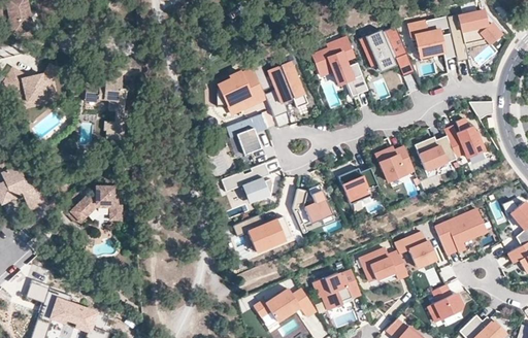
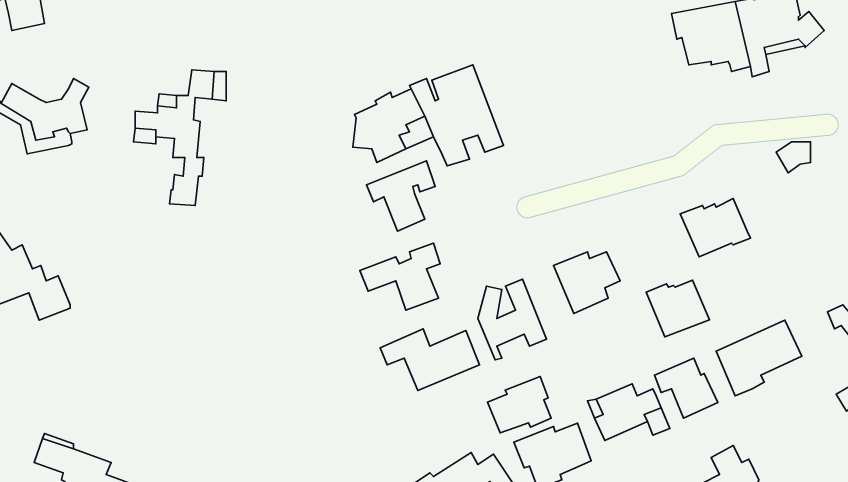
building: [361,27,415,76] -> none
building: [311,38,368,97] -> none
building: [444,117,486,157] -> none
building: [376,147,415,181] -> [646,280,709,337]
building: [68,187,122,225] -> none
building: none -> [487,377,551,433]

